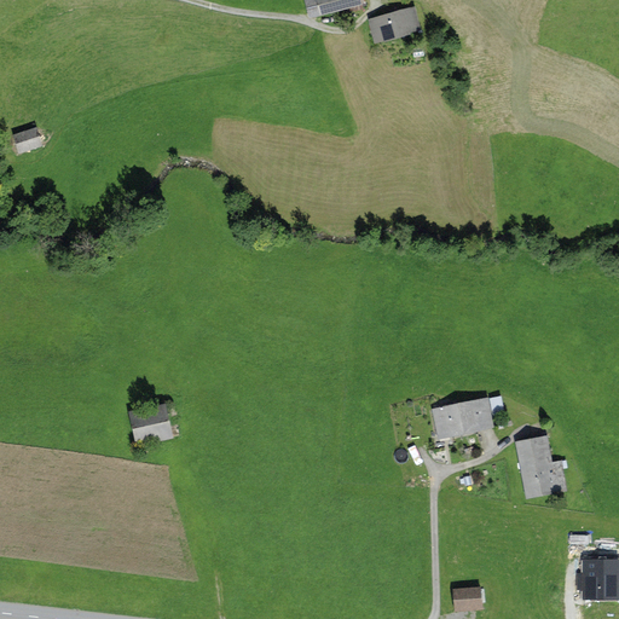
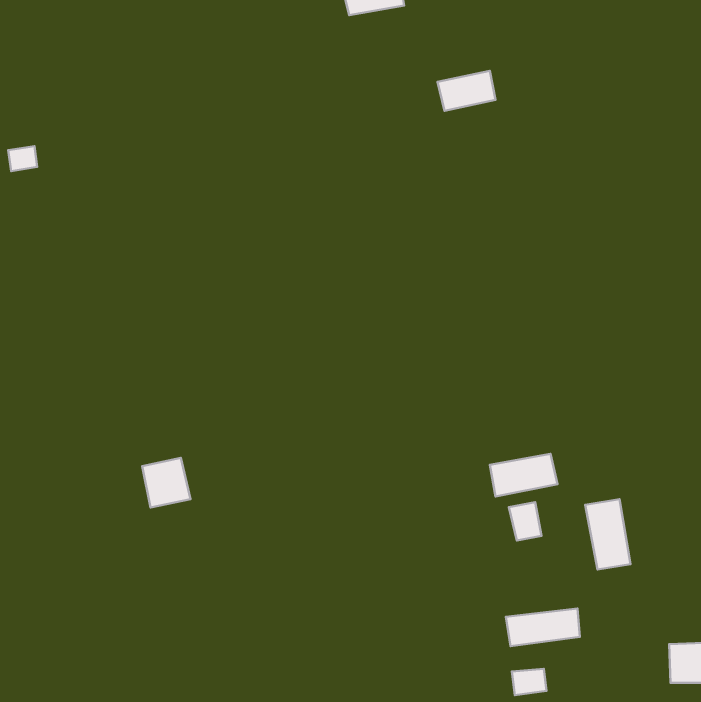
building: [369,6,420,41] -> [437,71,495,111]
building: none -> [509,502,541,541]
building: none -> [506,609,580,646]

